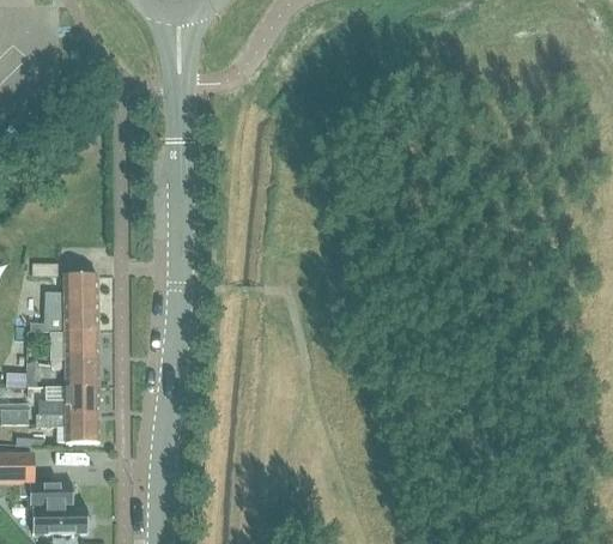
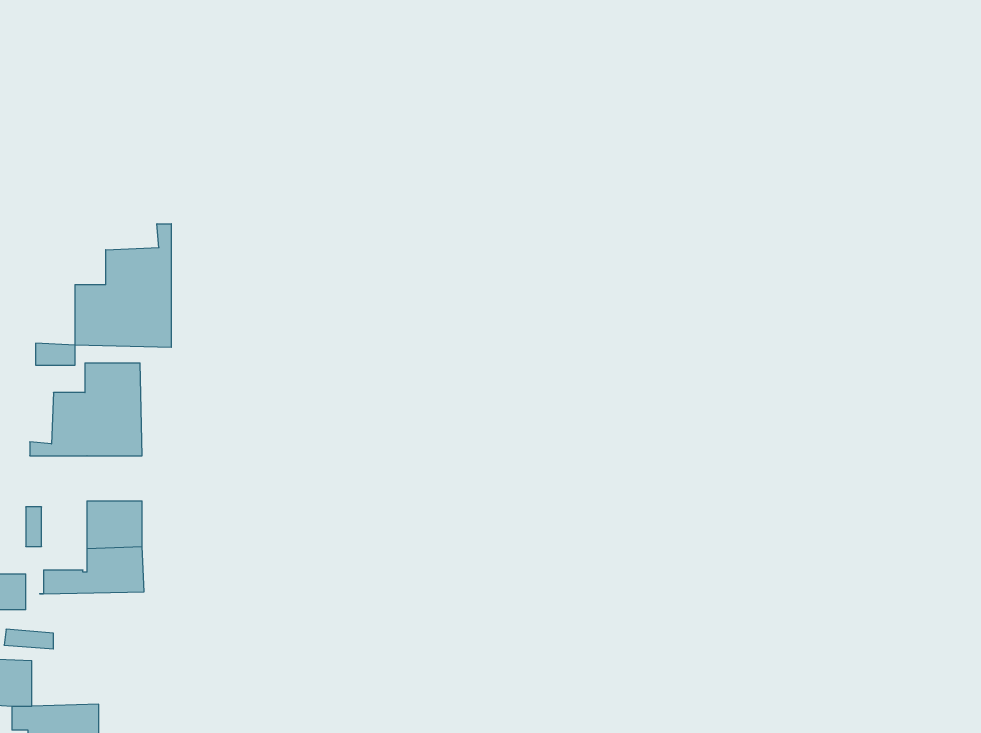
building: none -> [75,224,171,347]
building: [65,330,98,357] -> none
building: [36,412,99,441] -> none

